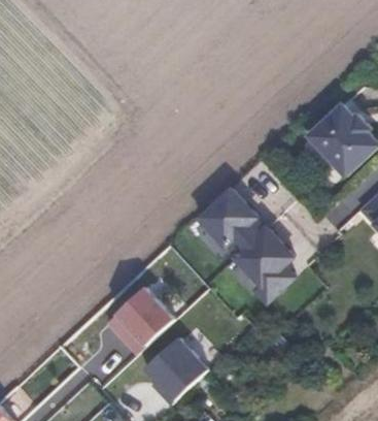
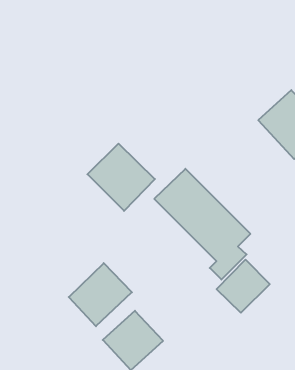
building: none -> [87,144,155,211]
building: none -> [217,260,270,313]

